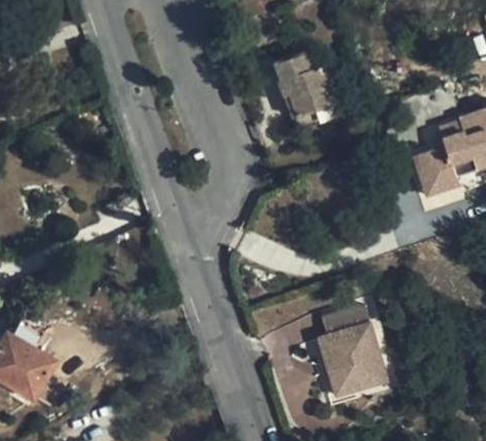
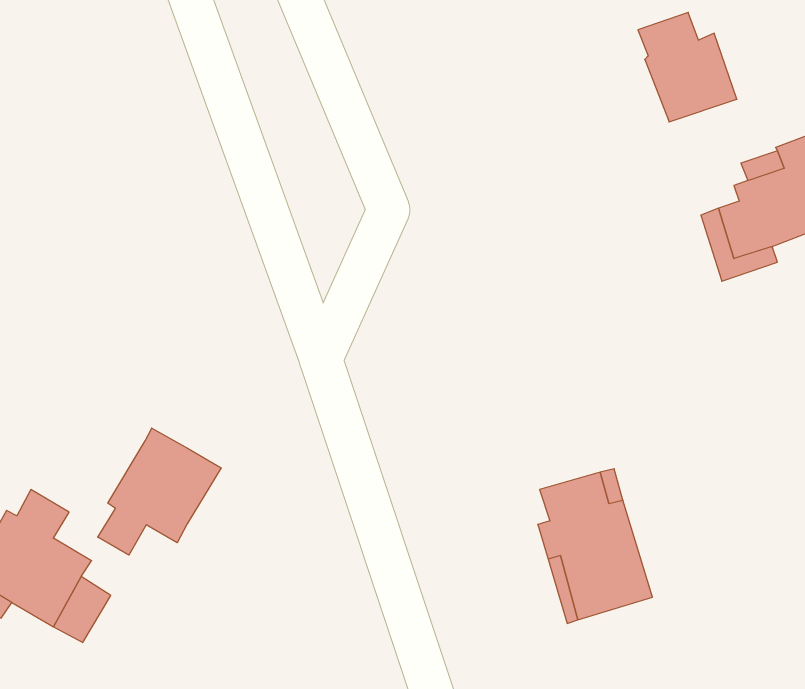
building: [276,53,334,117] -> [638,12,737,122]
building: none -> [98,428,221,555]

